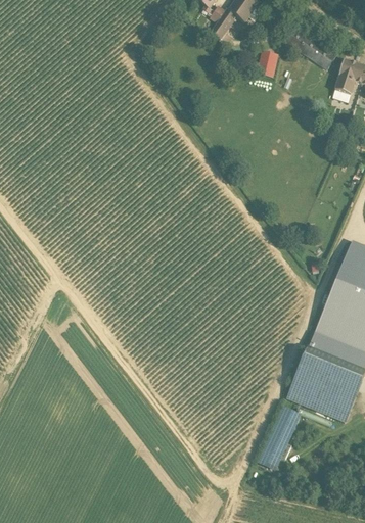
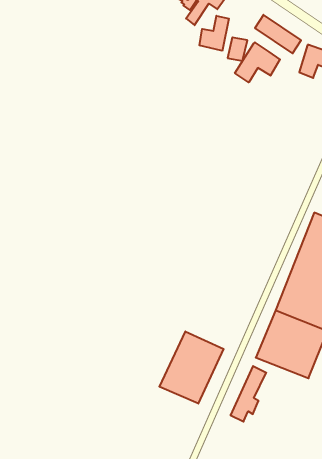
building: none -> [199,16,229,51]
building: none -> [235,42,280,82]
building: none -> [159,331,224,404]

